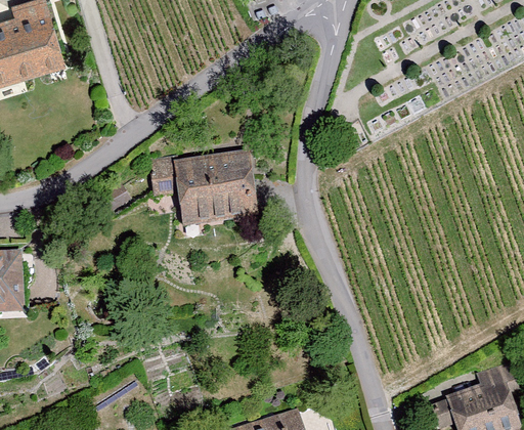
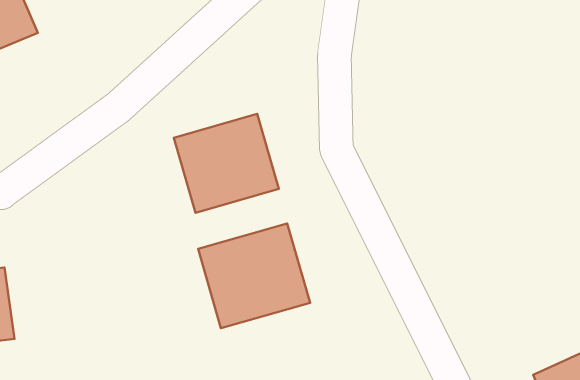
building: none -> [198,223,310,328]

